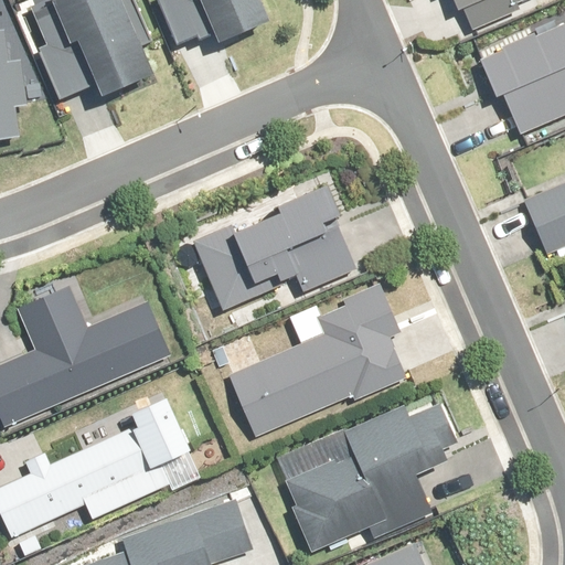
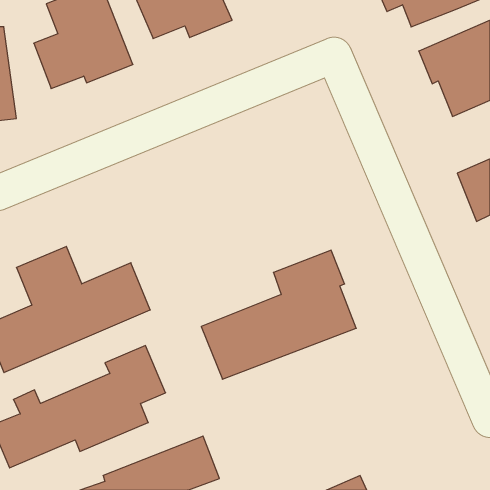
building: [198,188,355,309] -> none
building: [282,396,452,552] -> none

